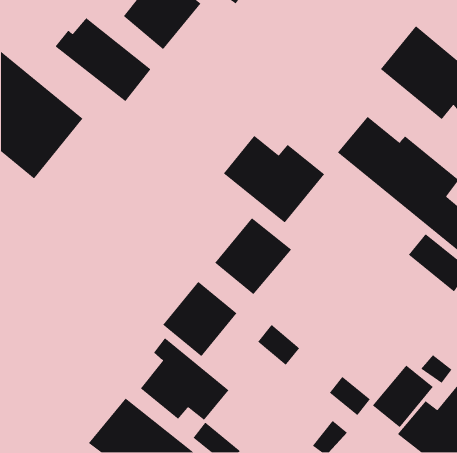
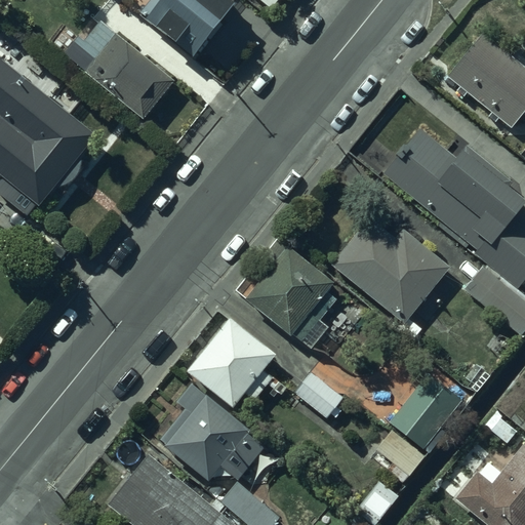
building: [223,135,325,224] -> [333,220,450,322]
building: [372,364,434,428] -> [393,376,463,449]

